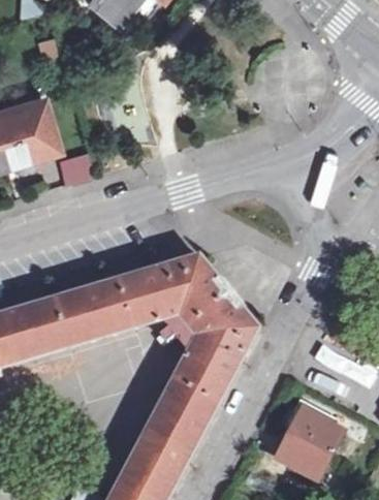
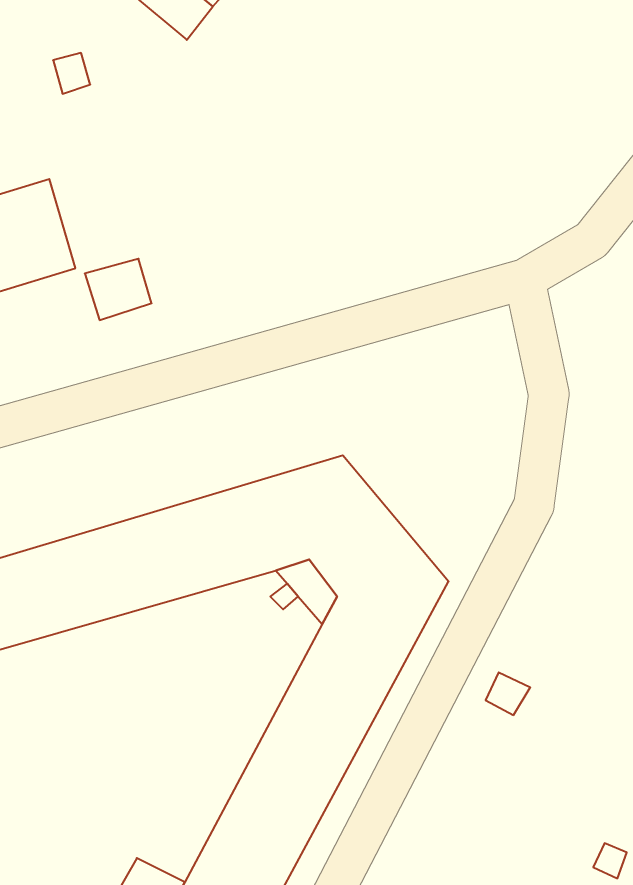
building: [281,410,344,478] -> none

